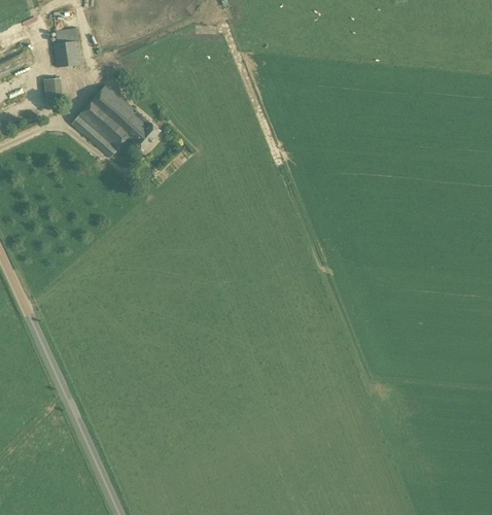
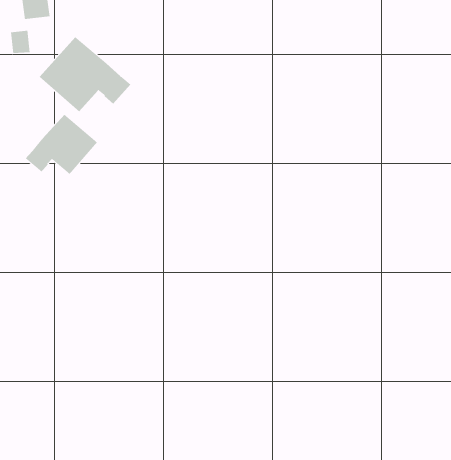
building: none -> [25,114,98,175]

